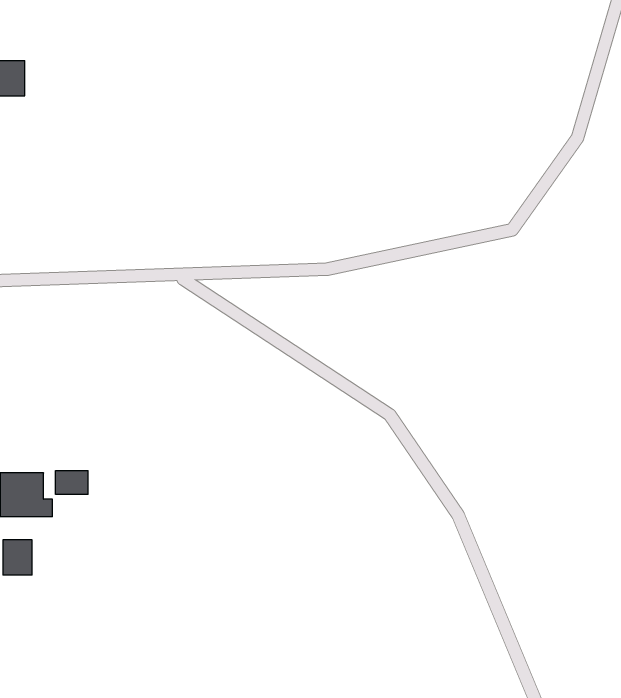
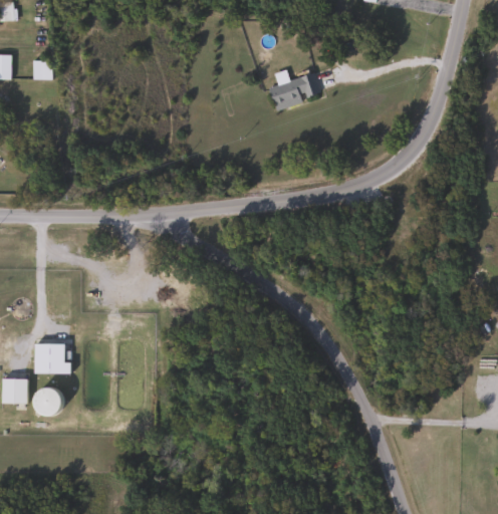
building: none -> [269,72,322,108]
building: [56,471,88,494] -> none

